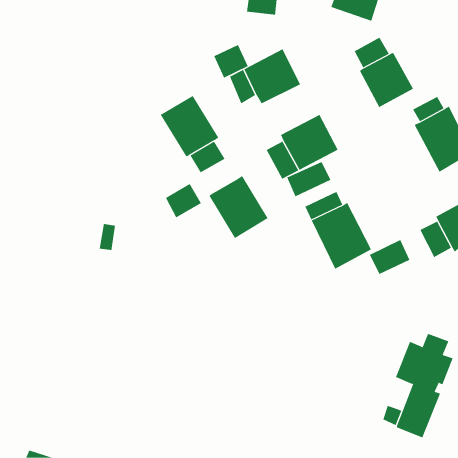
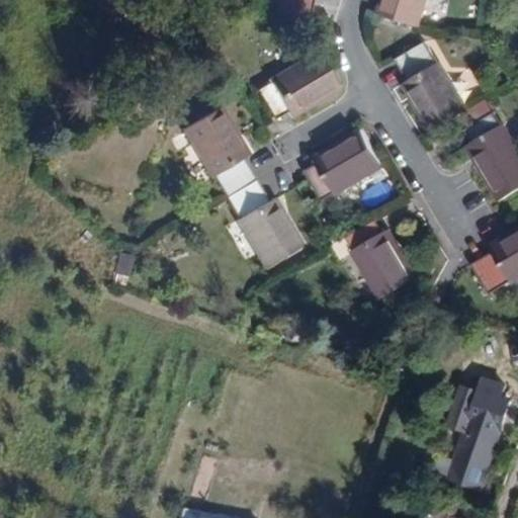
building: [213,44,248,78] -> none
building: [286,161,331,197] -> none
building: [165,183,202,218] -> [227,179,268,219]
building: [369,239,410,275] -> none

